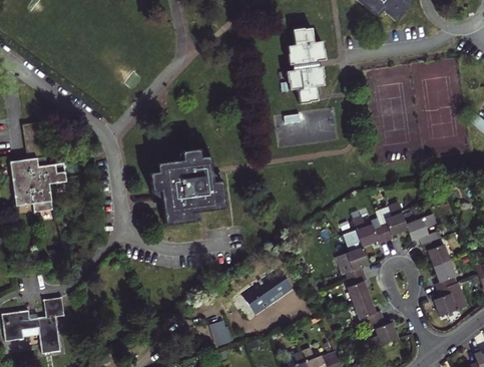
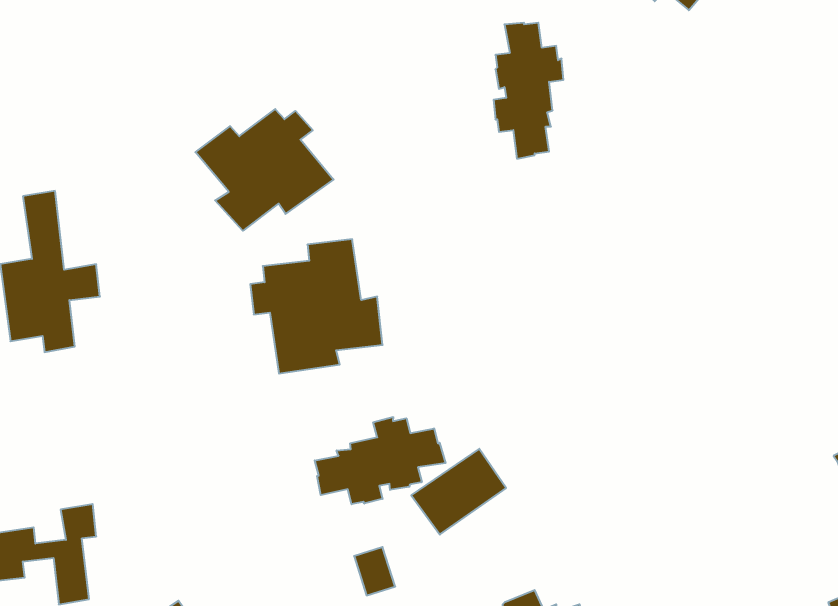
building: none -> [195,109,334,231]
building: [336,202,469,349] -> none
building: none -> [315,417,446,504]

